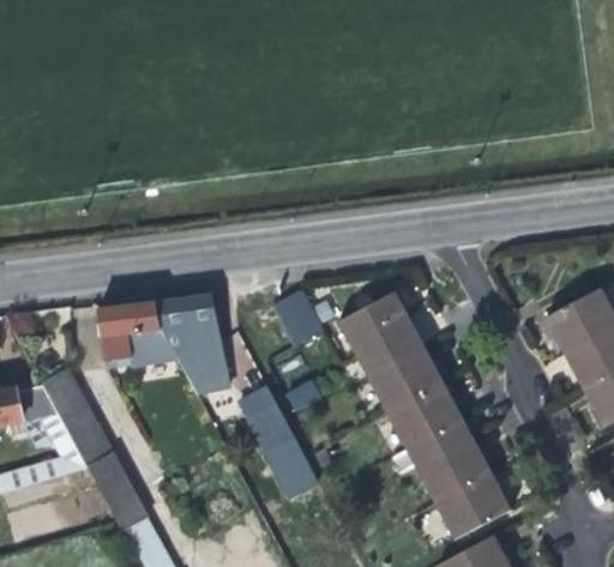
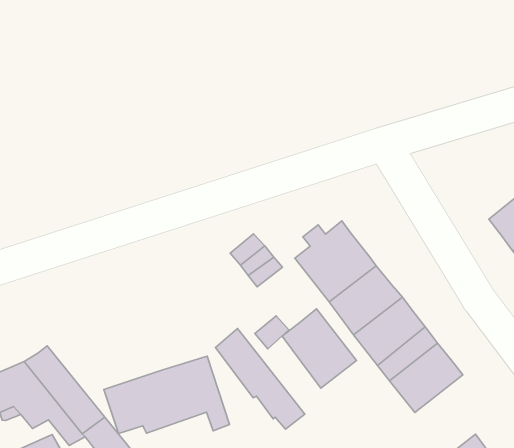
building: [100,296,223,374] -> [104,356,229,433]
building: none -> [282,309,357,388]
building: [435,475,510,537] -> none

